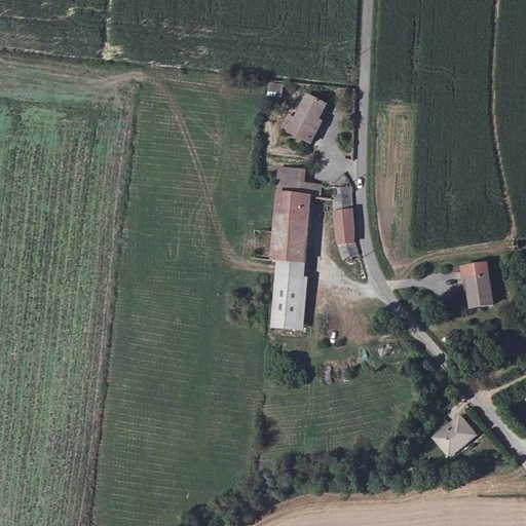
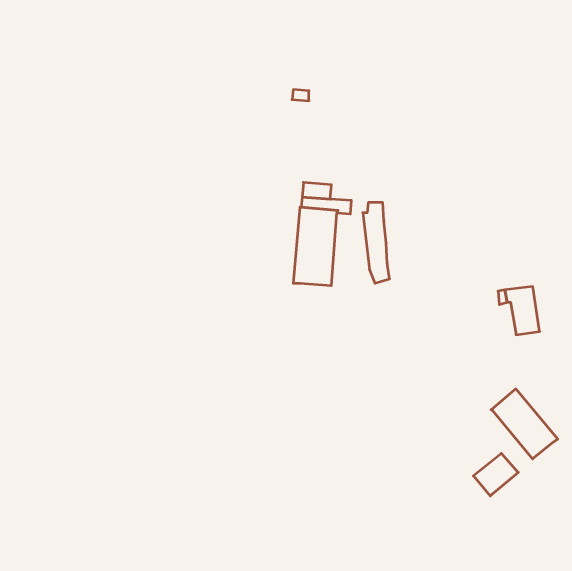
building: [280,93,327,144] -> none
building: [270,260,307,330] -> none
building: none -> [491,389,558,459]

